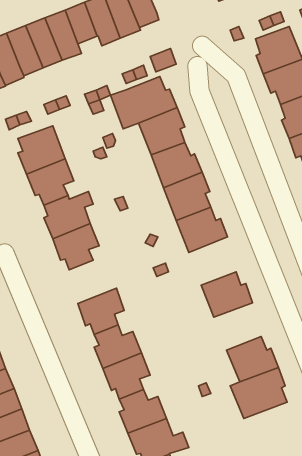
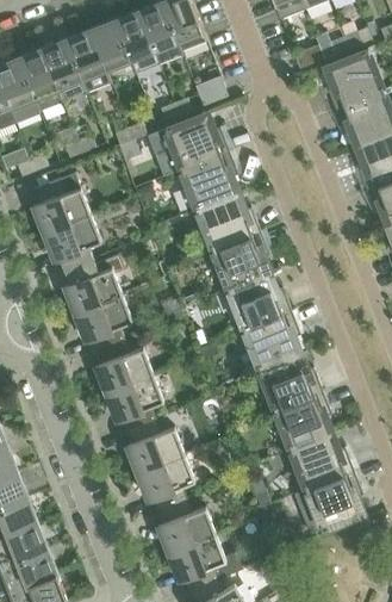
building: none -> [242,310,300,370]
building: none -> [94,339,153,392]
building: none -> [273,391,331,449]

